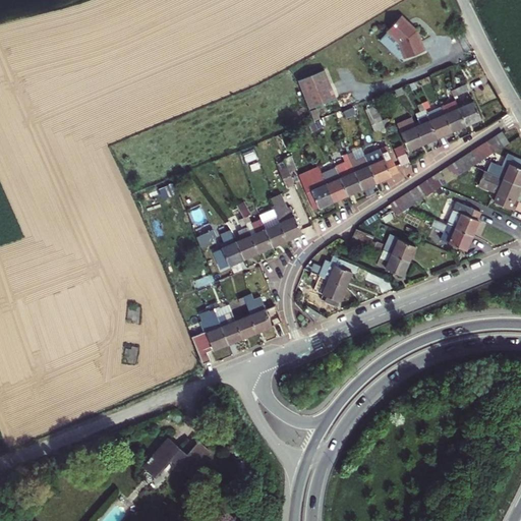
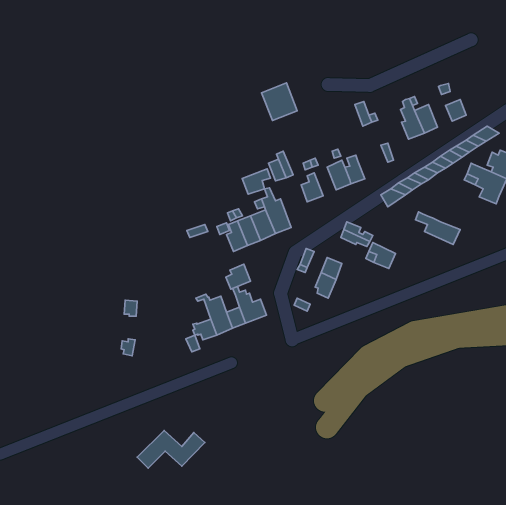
building: [388,14,425,57] -> none
building: [301,72,338,111] -> [261,83,297,121]
building: [440,103,465,133] -> none
building: [396,119,420,152] -> none
building: [368,153,396,186] -> none
building: [324,174,346,204] -> none
building: none -> [242,169,271,194]
building: [445,204,482,238] -> none
building: [384,238,414,263] -> none
building: [216,243,241,269] -> [226,264,251,289]

